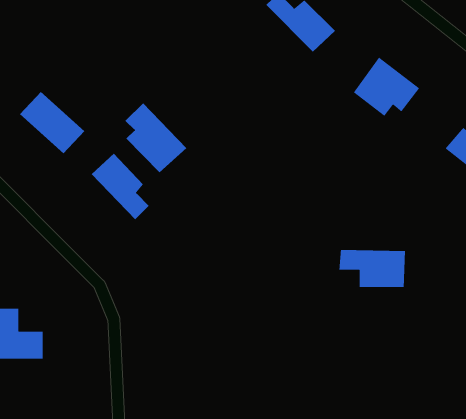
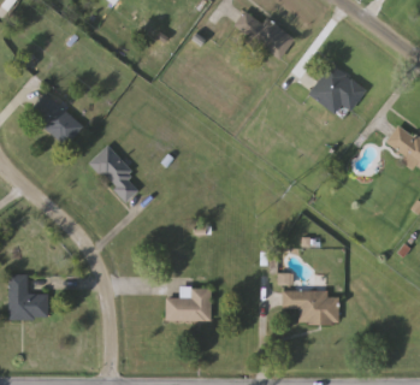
building: [125,103,187,173] -> none
building: [339,249,406,288] -> [283,290,339,322]
building: none -> [166,286,212,319]

